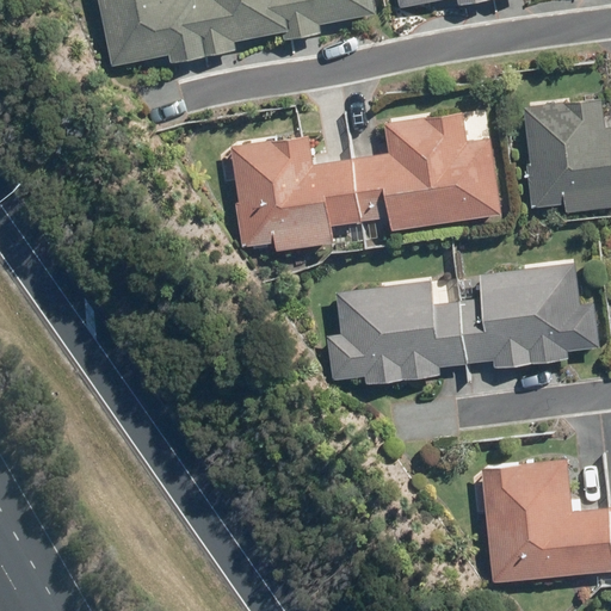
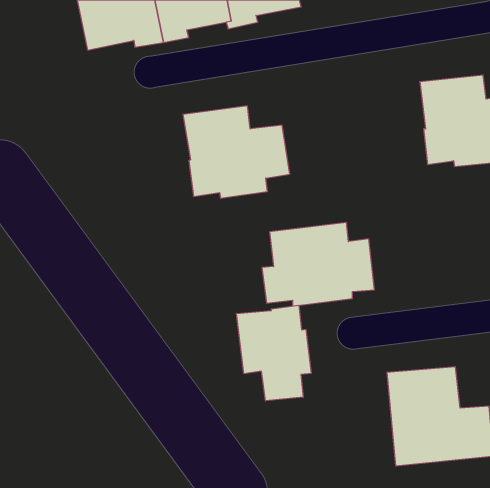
building: [352,113,499,230] -> none
building: [461,263,600,369] -> none
building: none -> [236,305,311,401]

